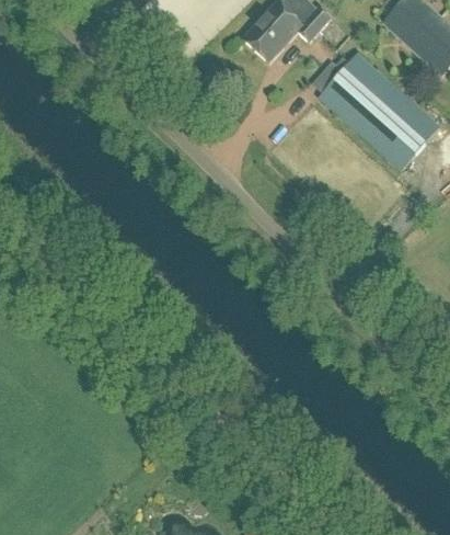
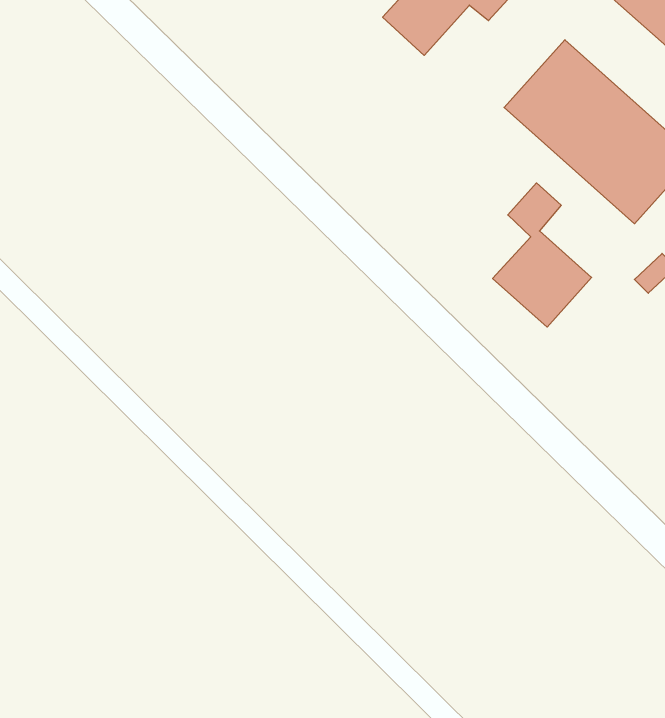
building: none -> [493,183,592,327]

